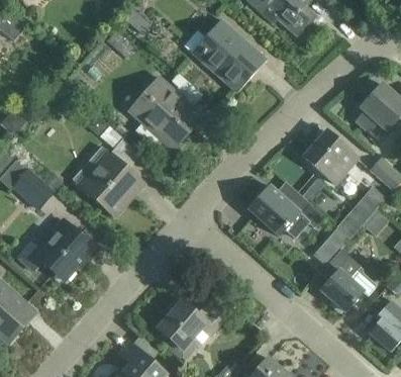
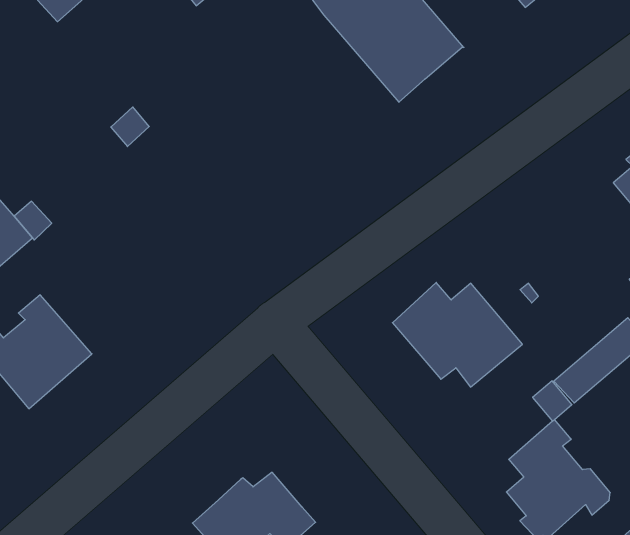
building: [128,77,202,150] -> none
building: [303,130,358,184] -> none
building: [77,150,143,216] -> none

